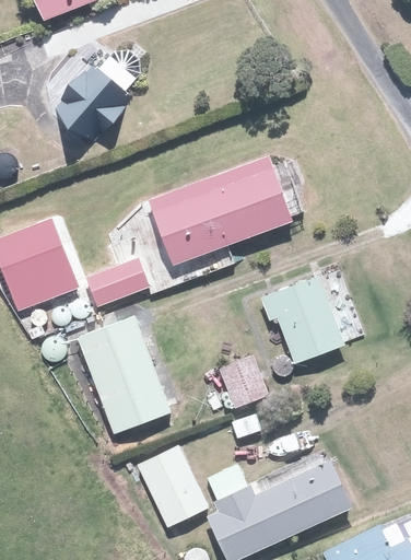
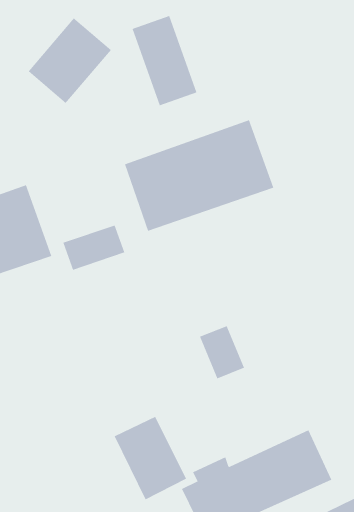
building: none -> [132,15,197,106]
building: [260,273,345,363] -> none
building: [78,314,168,433] -> none

